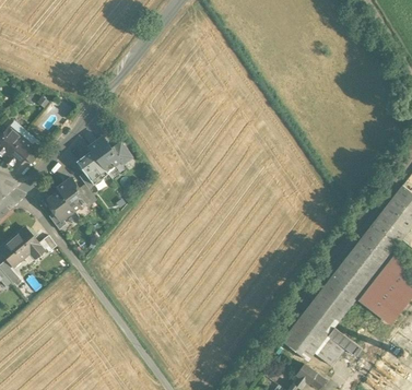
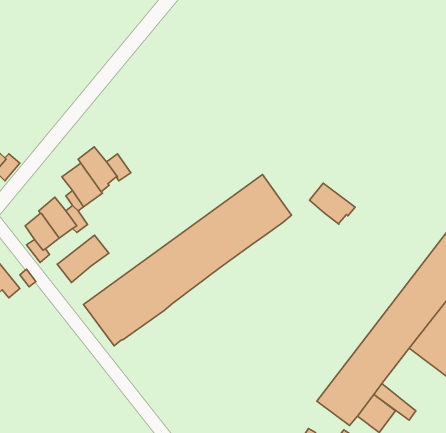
building: none -> [84,174,291,346]
building: none -> [310,183,355,224]
building: none -> [57,235,109,282]

